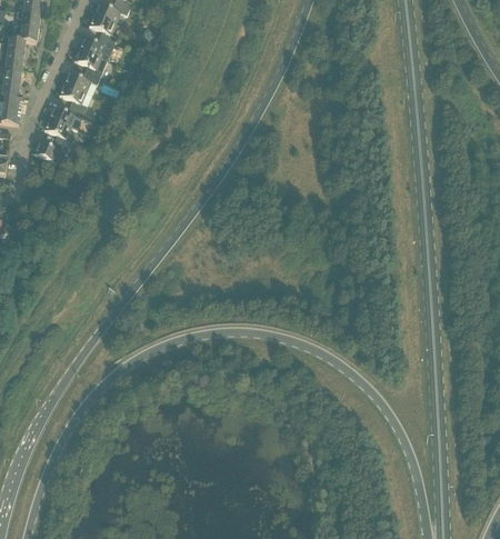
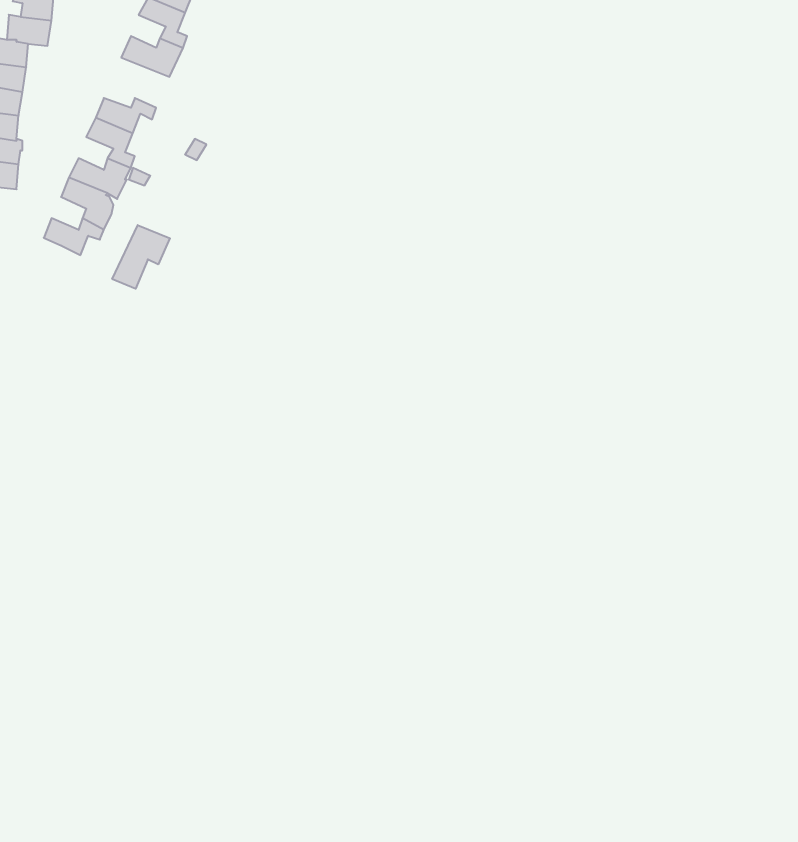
building: [74,46,107,74] -> none
building: none -> [112,225,170,289]

